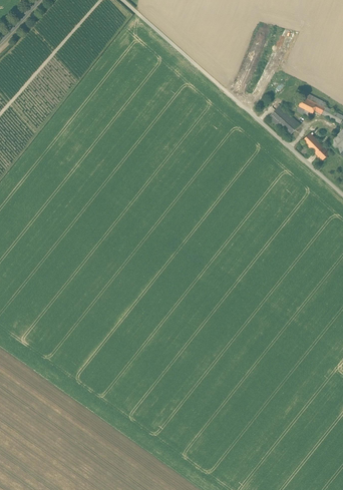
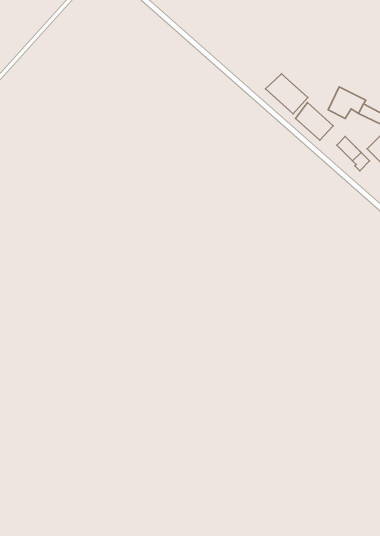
building: none -> [266,74,308,114]

